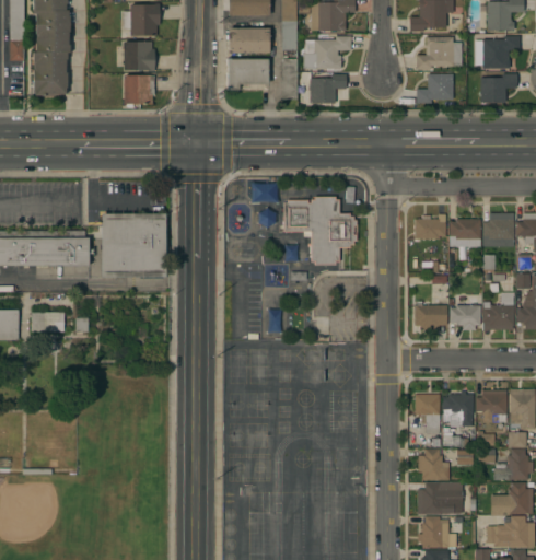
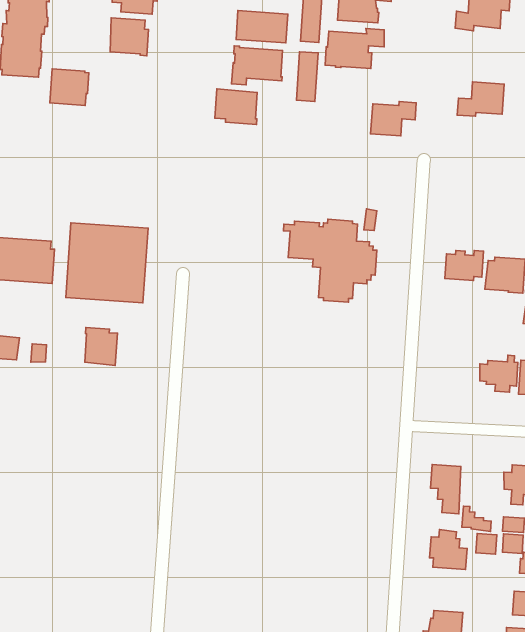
building: [416,37,462,69] -> none
building: [310,74,346,103] -> [371,102,416,136]
building: [123,75,153,104] -> [50,69,89,105]
building: none -> [215,89,257,124]
building: none -> [85,327,117,366]
building: [413,302,447,330] -> none
building: [442,392,473,427] -> none
building: [417,482,464,514] -> none

